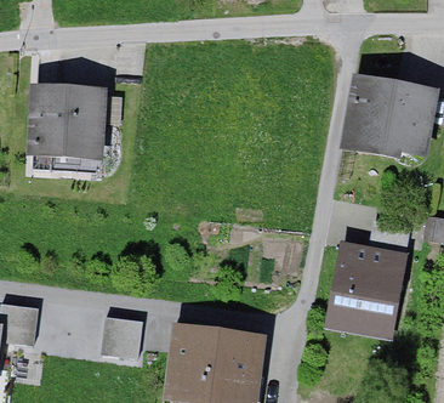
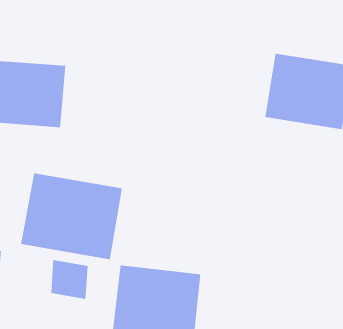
building: none -> [20,172,123,260]
building: [313,243,405,339] -> none

